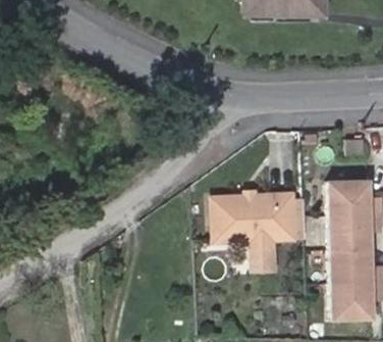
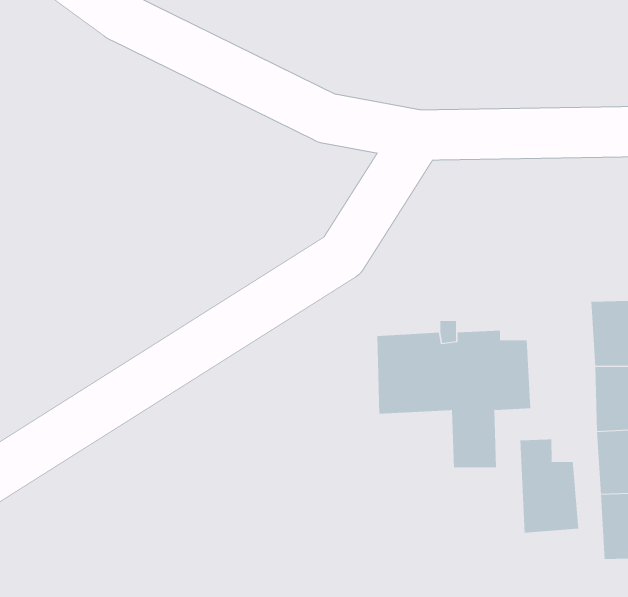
building: none -> [520,438,579,533]

